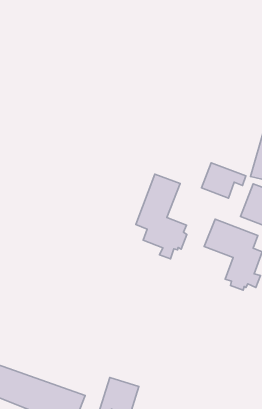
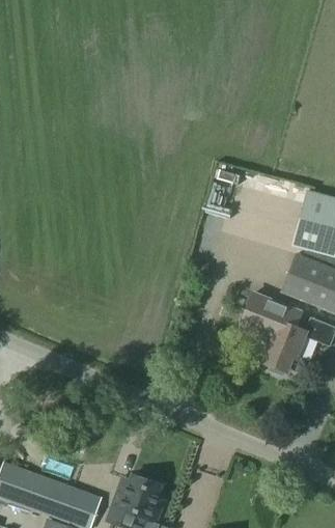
building: [202,163,246,198] -> none
building: [136,174,187,259] -> none

